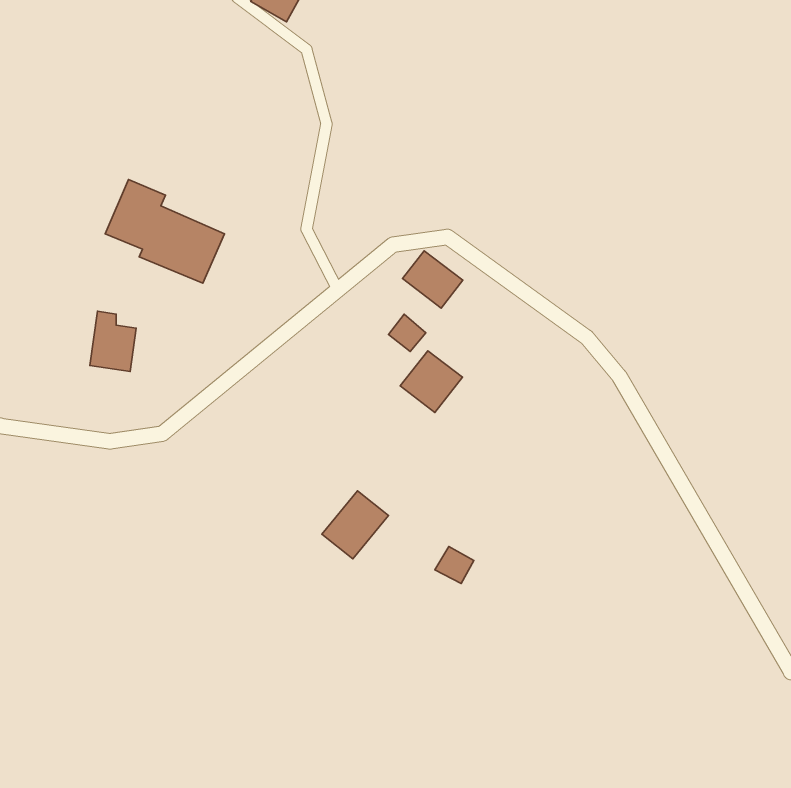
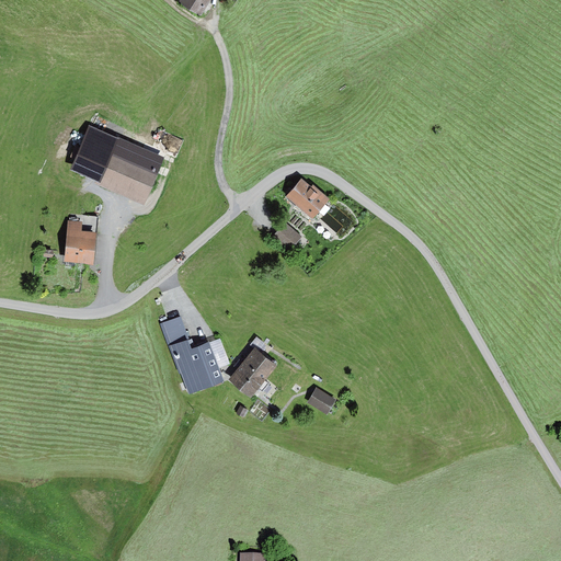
building: [400,351,462,412] -> none
building: none -> [167,316,227,393]

